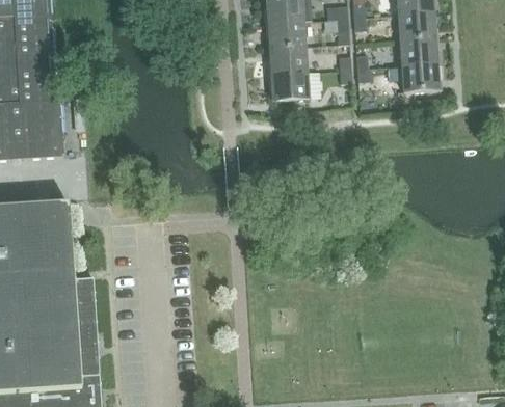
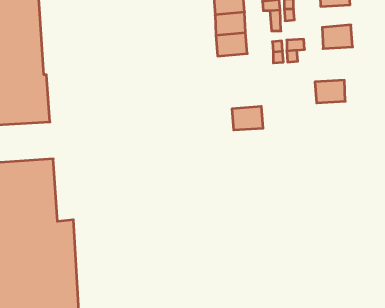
building: [398,10,435,38] -> none
building: [401,62,438,90] -> [315,80,345,103]
building: [271,71,310,100] -> [232,106,263,130]

